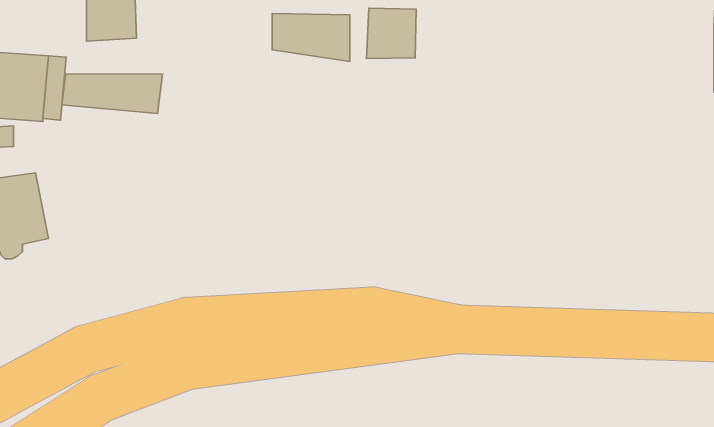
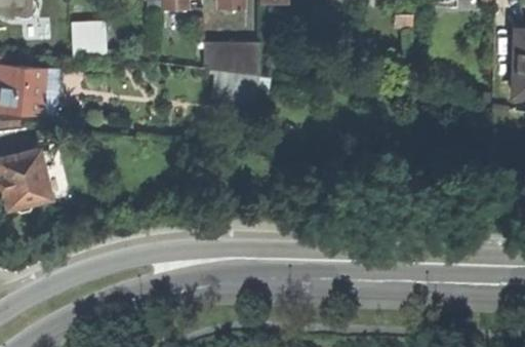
building: [366,8,416,58] -> none
building: [62,74,162,114] -> none

